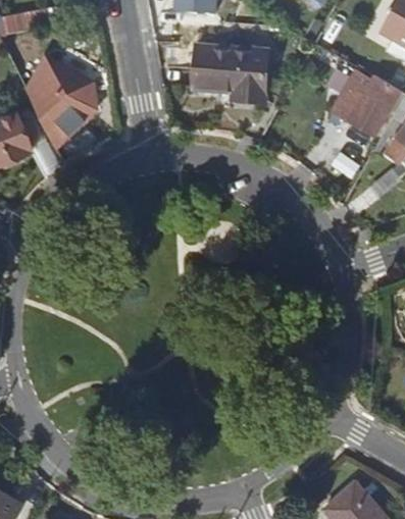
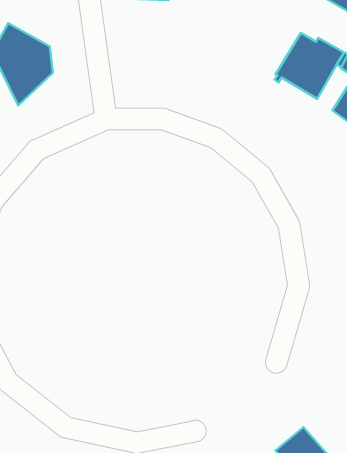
building: [194,44,266,99] -> none

